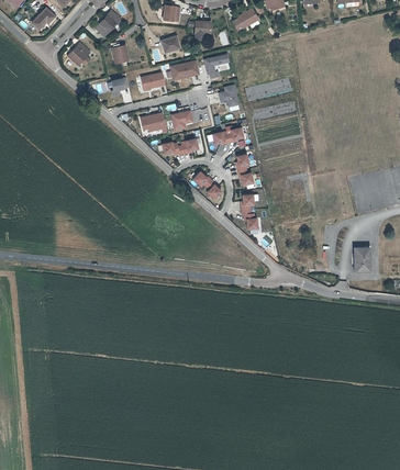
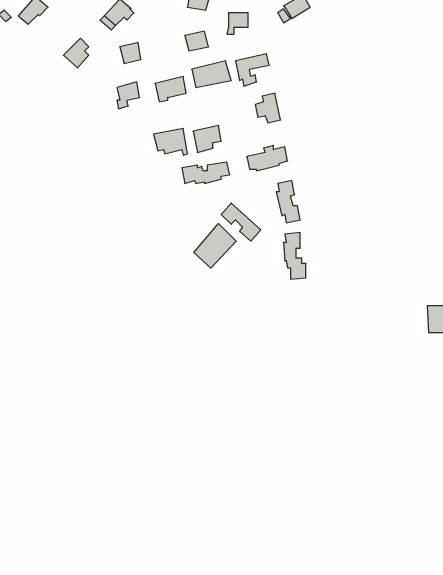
building: none -> [194,224,236,268]

